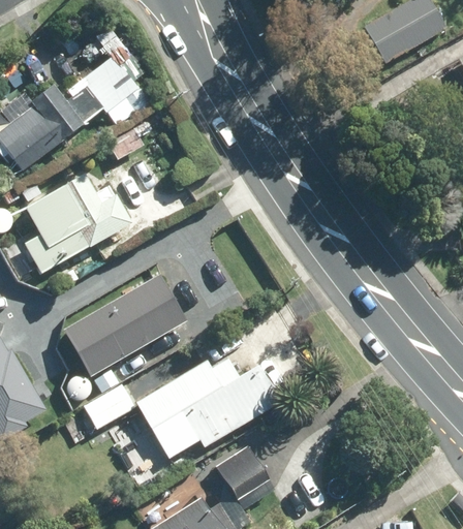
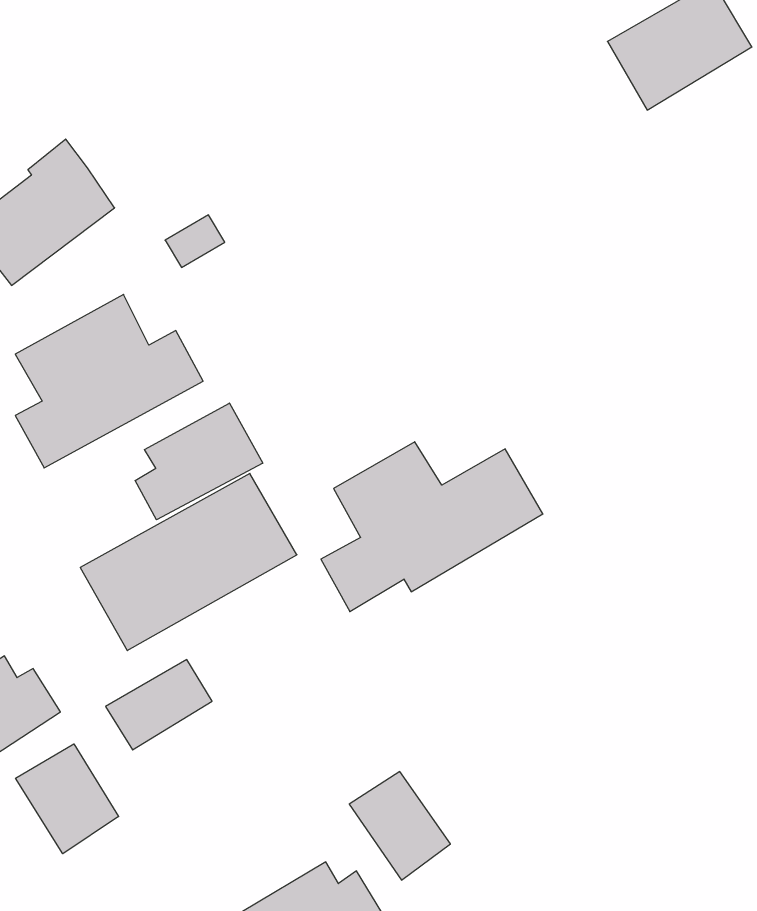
building: [78,53,136,112] -> none
building: none -> [135,403,263,520]
building: [153,360,280,457] -> [321,442,543,612]
building: none -> [16,744,119,854]

